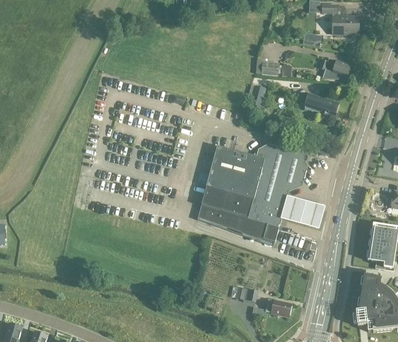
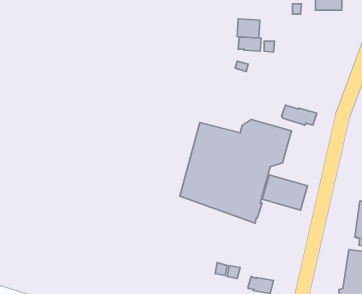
building: none -> [237,19,260,38]
building: [319,57,350,78] -> none
building: [303,93,338,113] -> [282,105,317,125]

